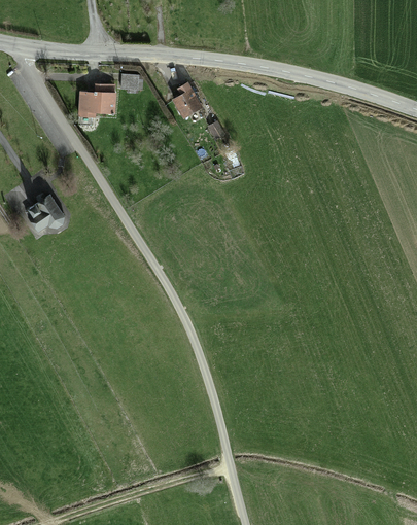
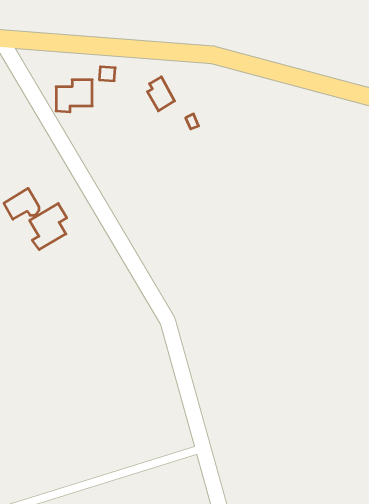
building: none -> [30,203,67,250]

